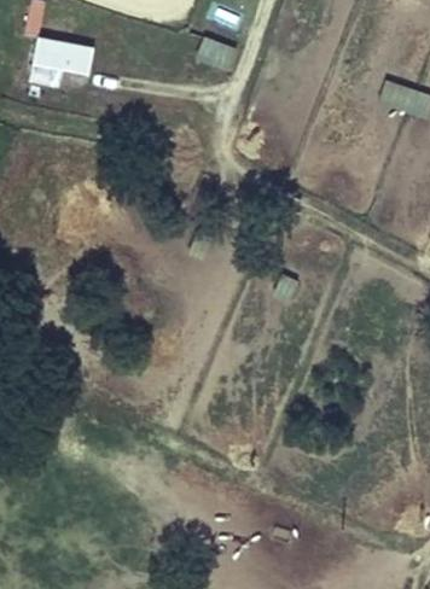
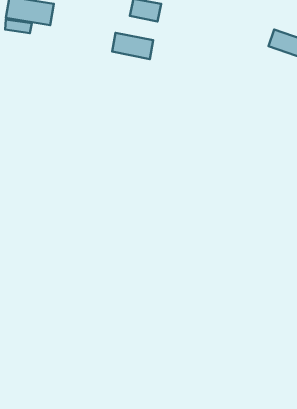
building: none -> [112,33,153,59]

